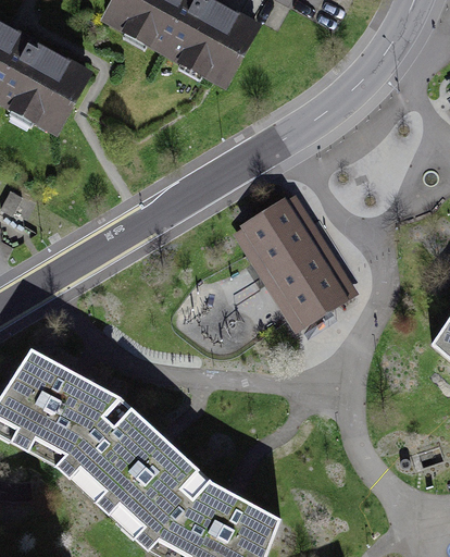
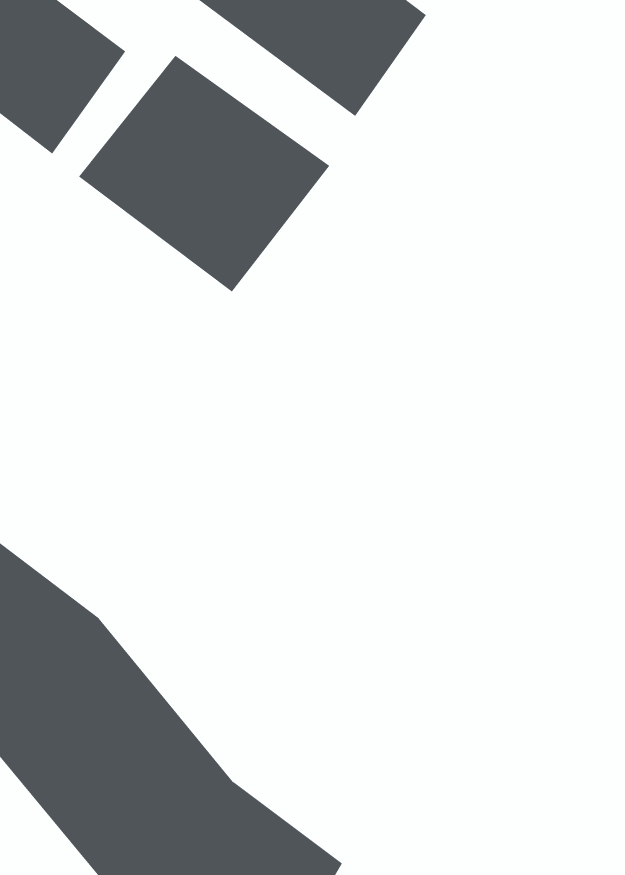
building: none -> [78,55,330,292]
building: [233,194,359,333] -> none

